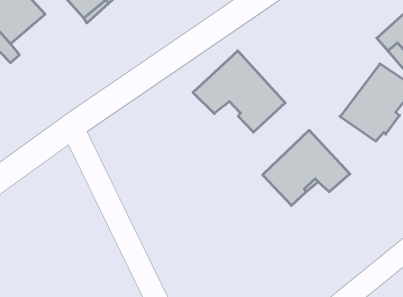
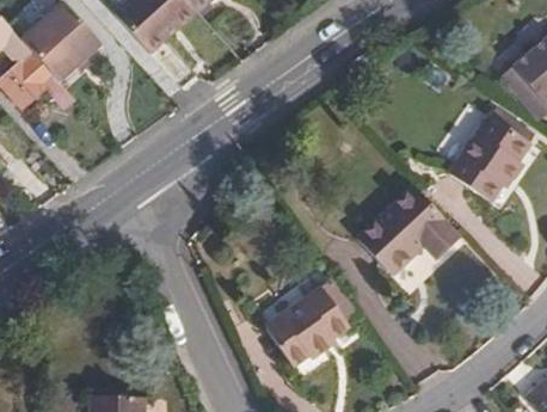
building: [193,51,285,132] -> none
building: none -> [266,284,350,361]

